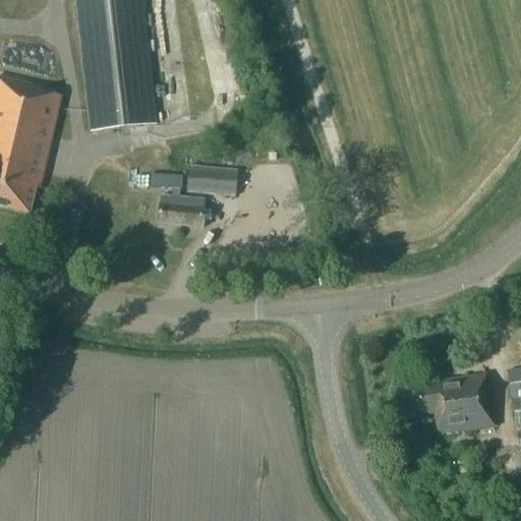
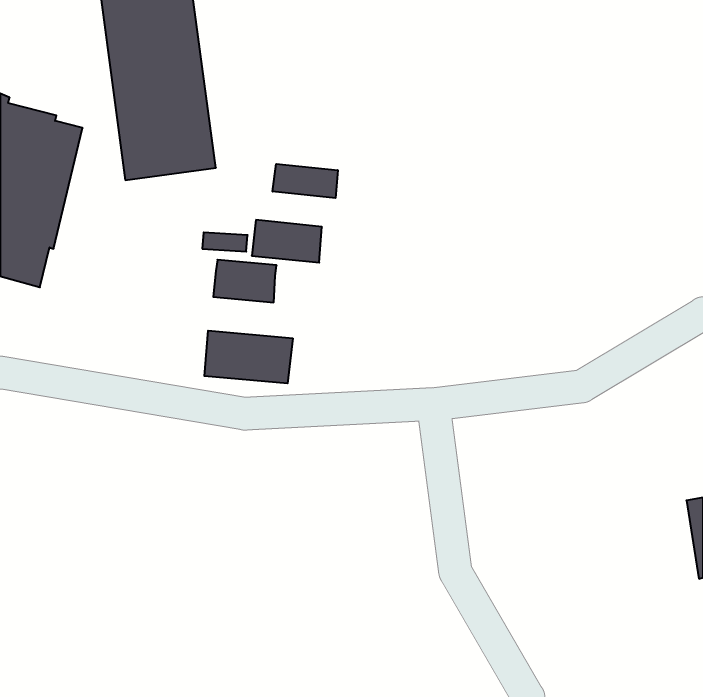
building: none -> [273,164,338,198]
building: none -> [204,331,293,383]
building: [407,370,494,431] -> none

